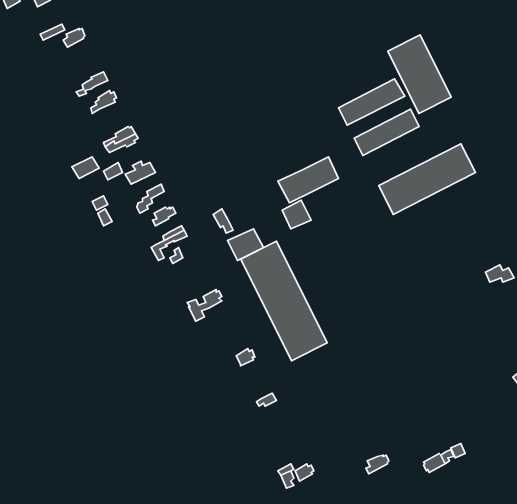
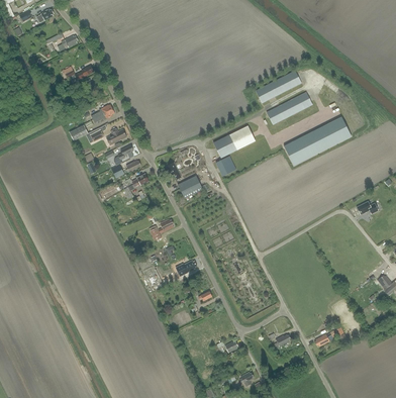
building: [388,35,451,113] -> none
building: [241,241,327,361] -> none

